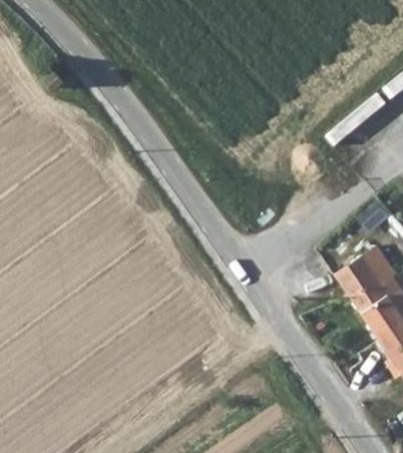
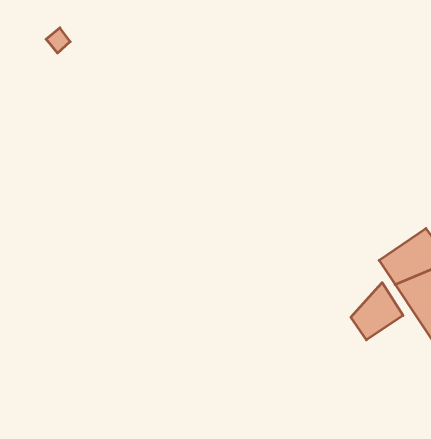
building: none -> [351,283,403,340]

